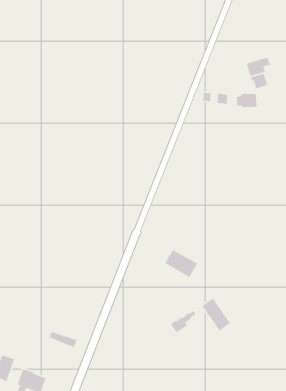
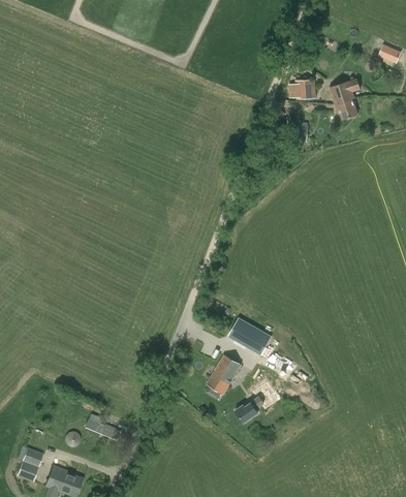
building: [236,93,257,108] -> [289,80,316,98]
building: none -> [206,353,242,395]
building: [201,297,231,332] -> none

